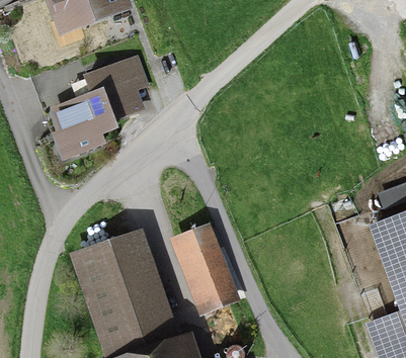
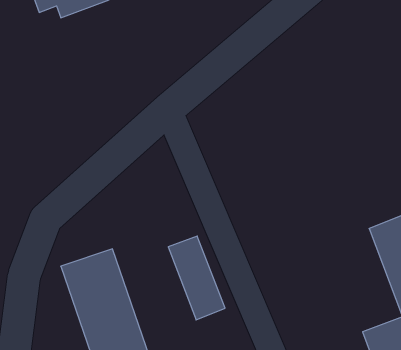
building: [57,65,140,154] -> none

